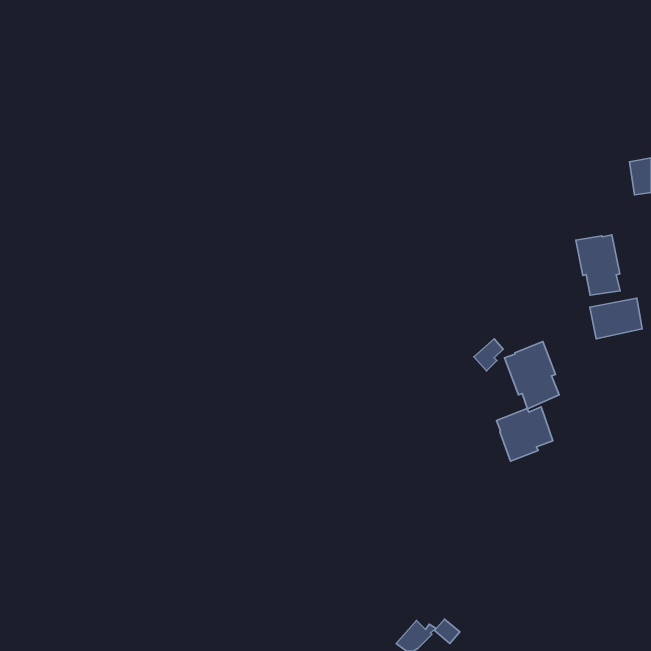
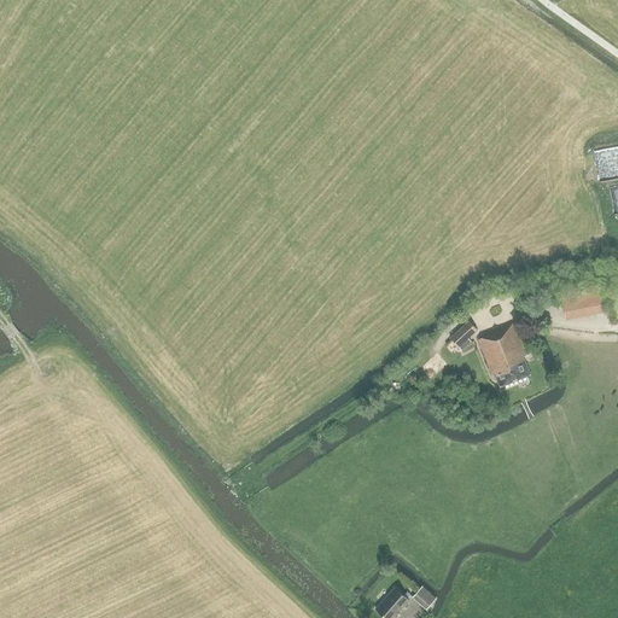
building: [576,235,620,295] -> none
building: [496,407,553,461] -> none

